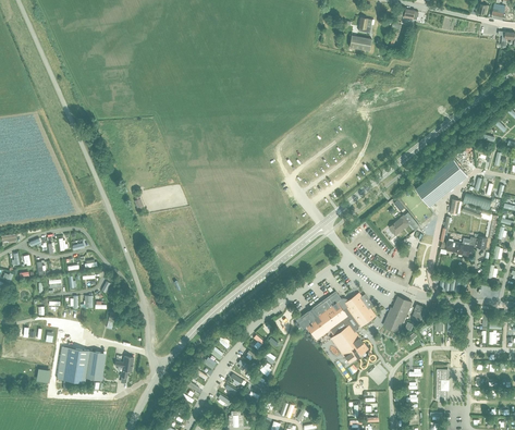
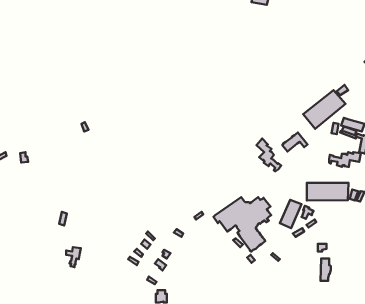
building: none -> [256,138,281,171]
building: none -> [307,183,348,201]
building: [56,346,105,382] -> none

